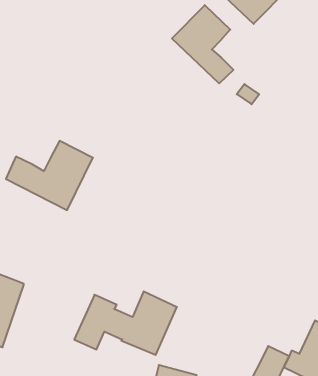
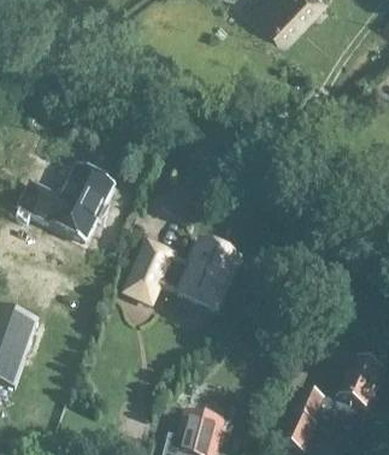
building: [172,5,233,83] -> none
building: [74,291,177,355] -> [126,241,237,309]

